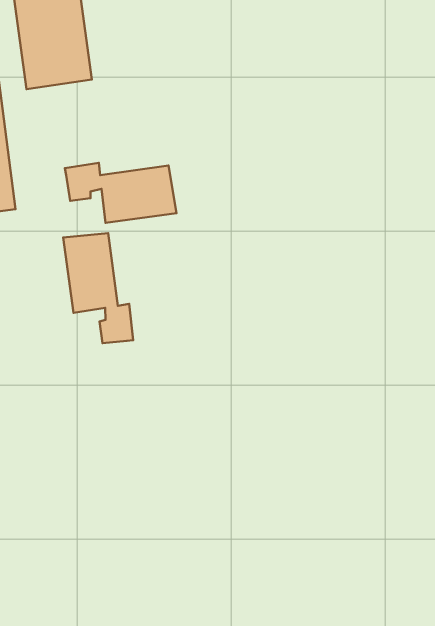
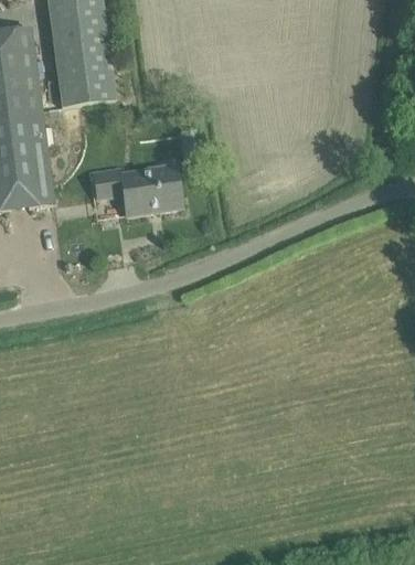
building: [63,233,133,343] -> none

